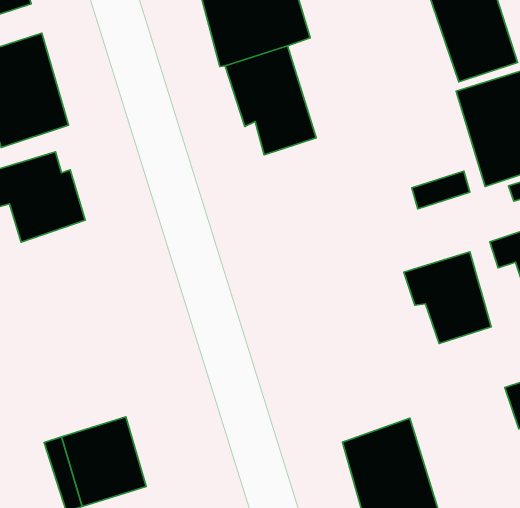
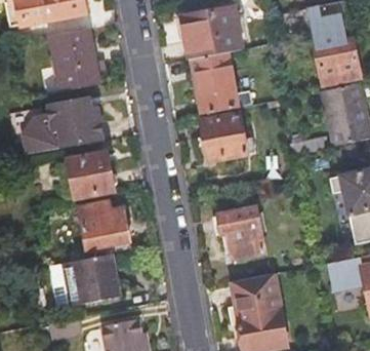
building: none -> [201,114,245,161]
building: none -> [70,152,113,197]
building: [404,252,491,344] -> [217,207,263,258]
building: none -> [80,201,128,247]

